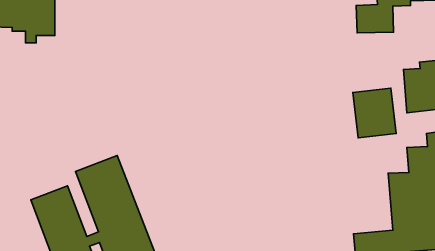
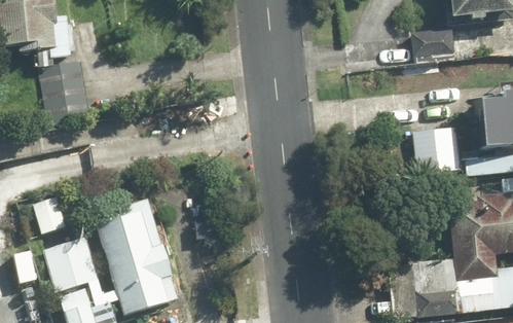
building: none -> [40,72,90,132]

